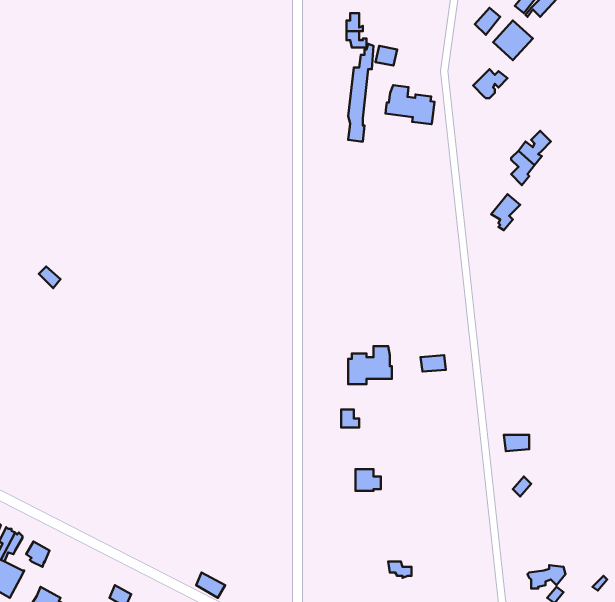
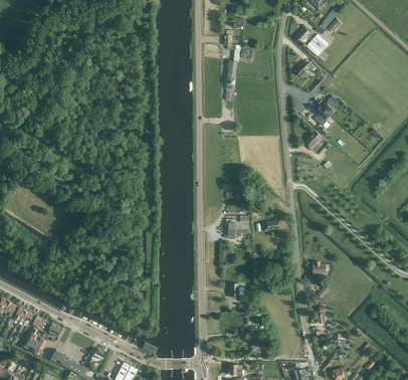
building: [386,85,434,124] -> none

